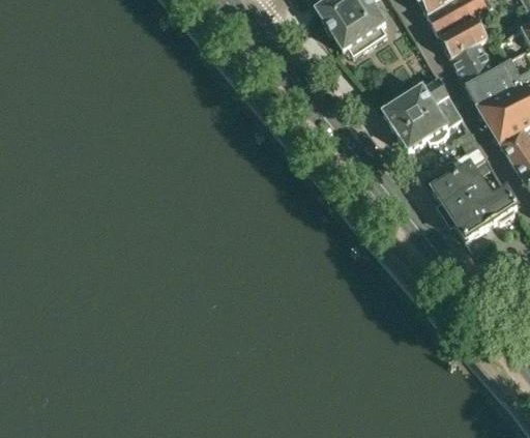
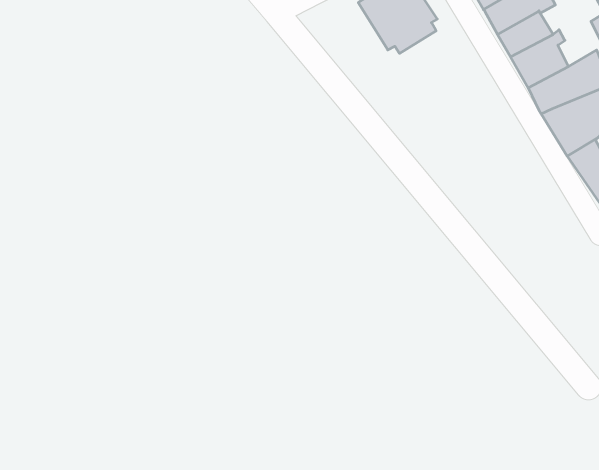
building: [382,77,462,149] -> none
building: [431,163,517,238] -> none

